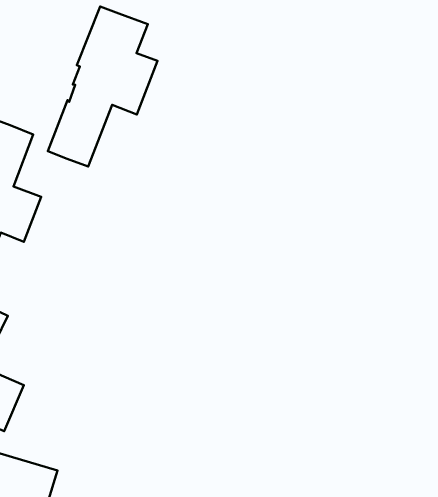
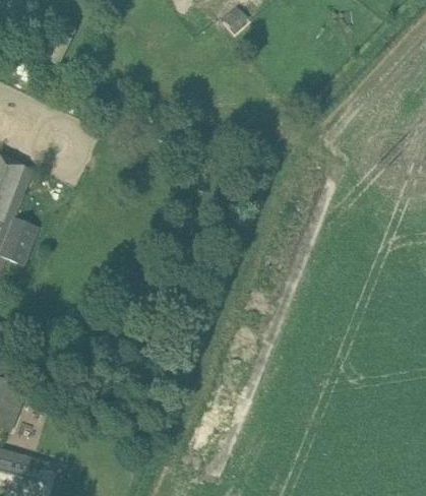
building: [48,6,158,166] -> none

